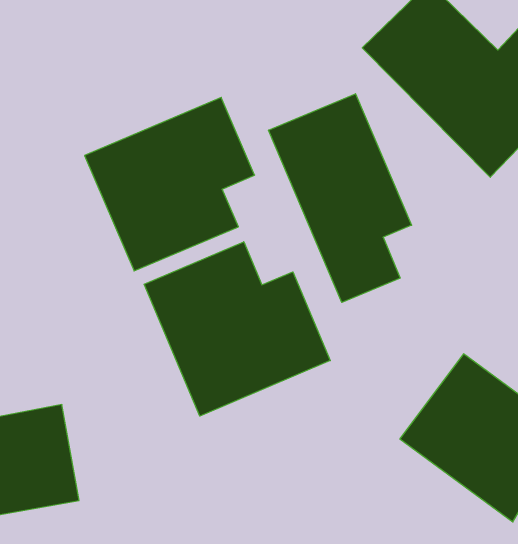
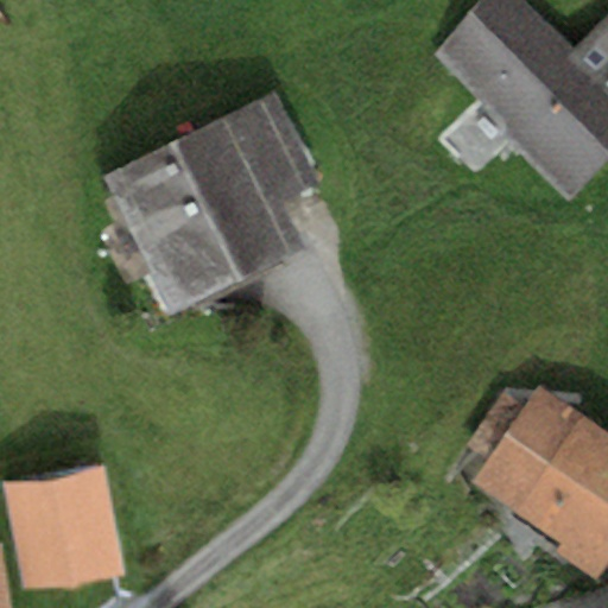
building: [269,94,412,302] -> none
building: [144,242,330,416] -> none

